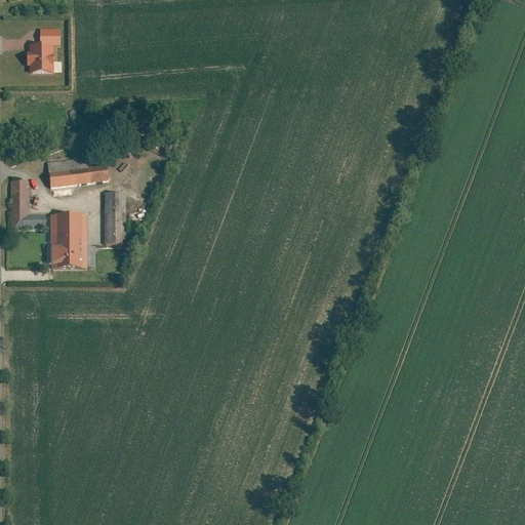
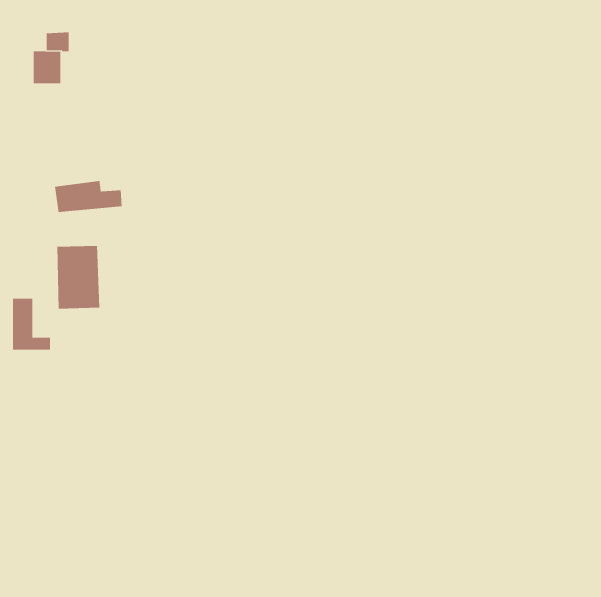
building: [10,179,44,225] -> [12,298,51,350]
building: [104,192,125,243] -> none

